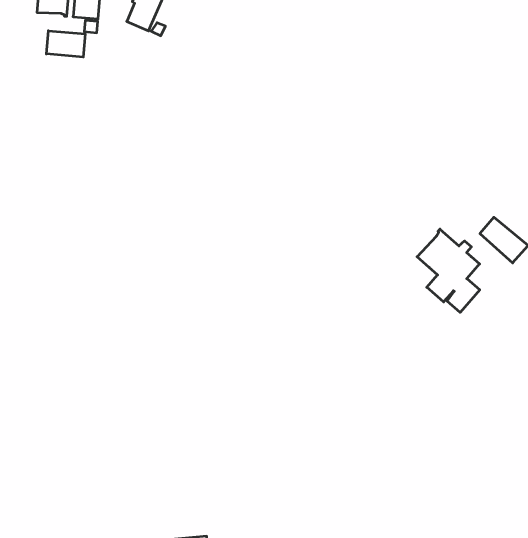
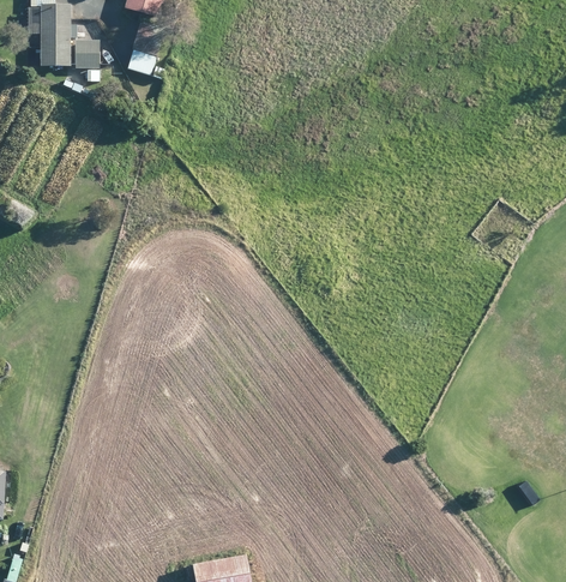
building: [46,31,85,57] -> none
building: [417,229,480,312] -> none

